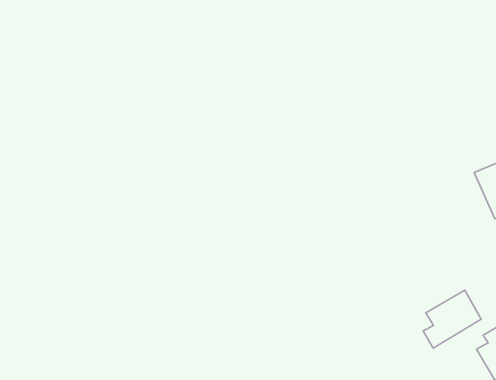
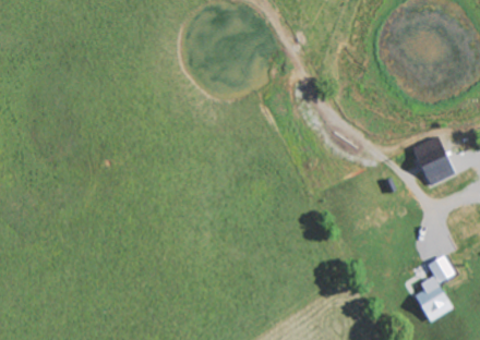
building: [423,290,481,348] -> none

